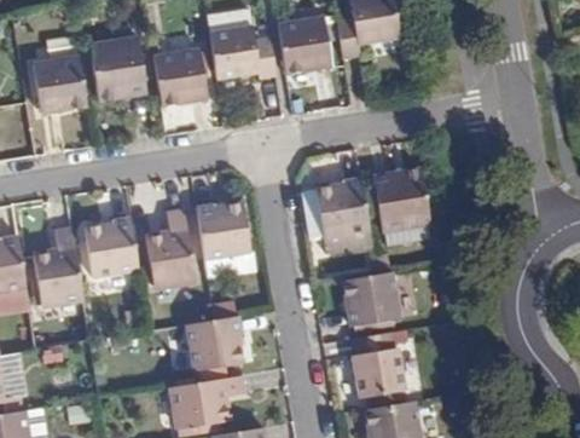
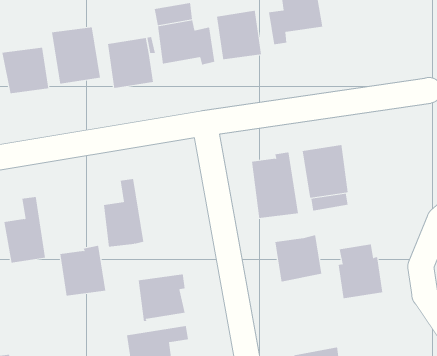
building: [195,202,249,259] -> none
building: [85,219,138,277] -> [60,245,106,296]
building: [353,333,405,396] -> [338,244,383,299]

